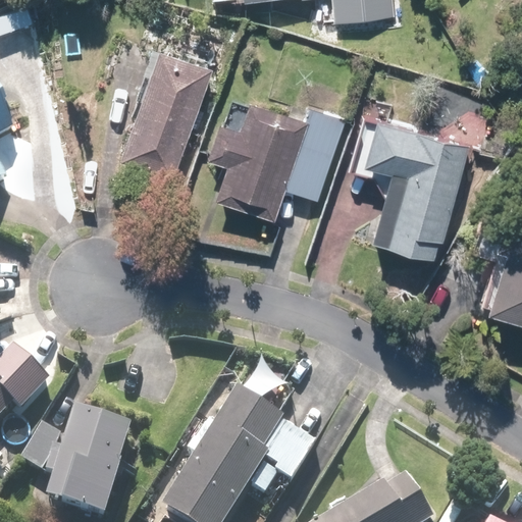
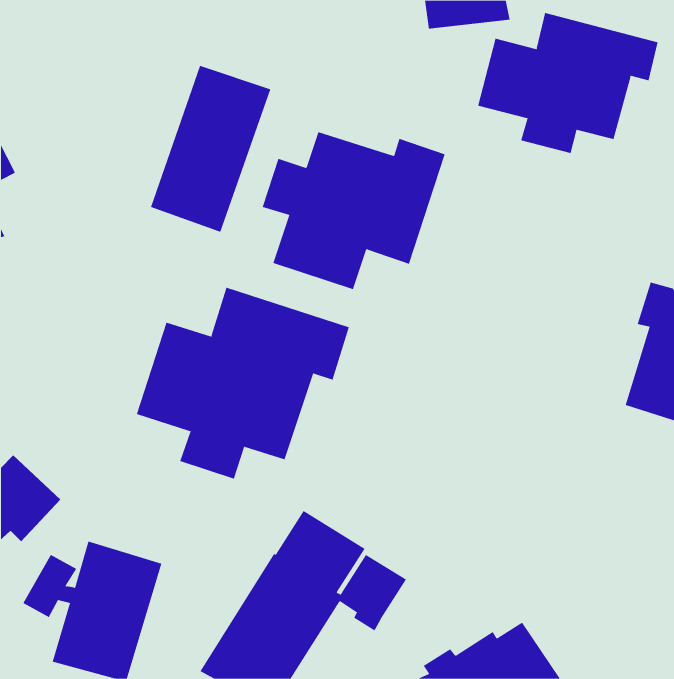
building: none -> [477,12,658,154]
building: [363,119,470,260] -> none
building: none -> [136,287,349,480]

